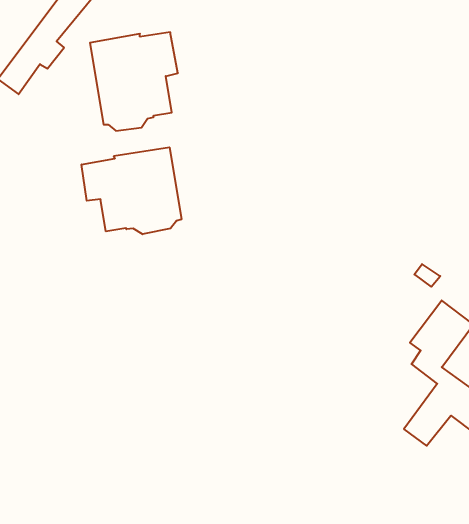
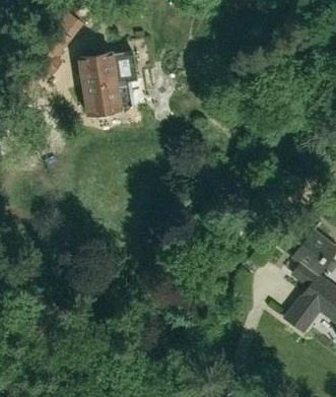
building: [82,147,181,234] -> none

